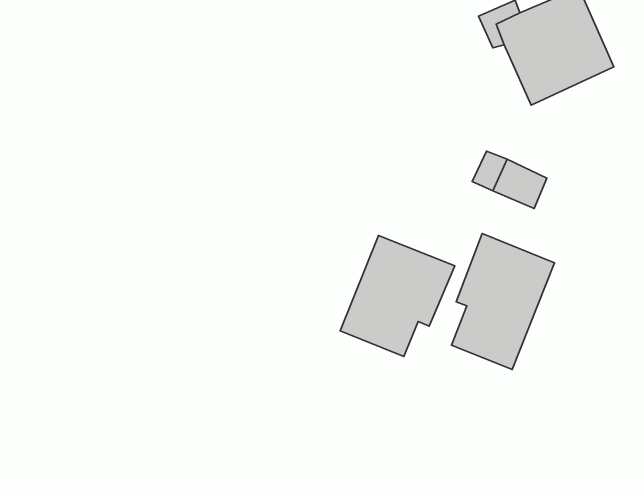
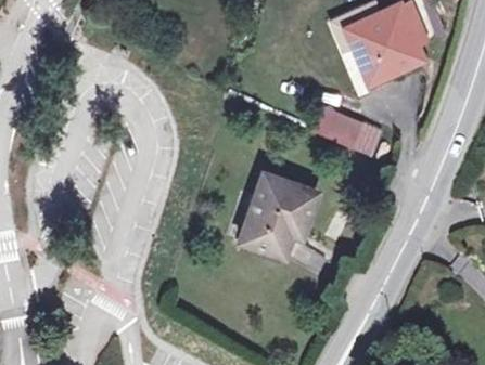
building: [452,234,555,369] -> none

